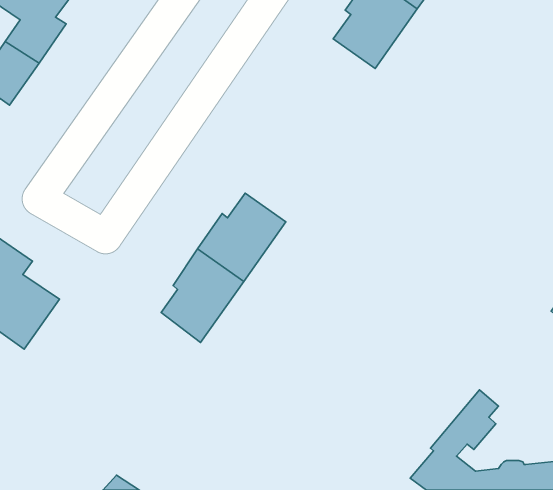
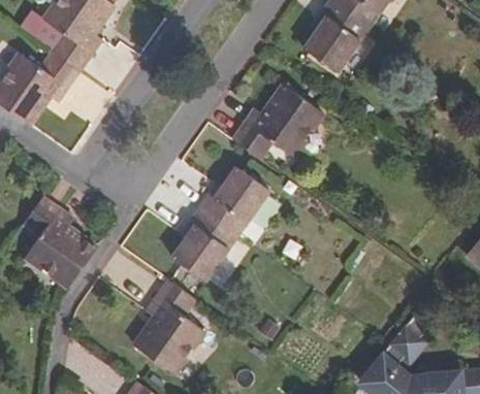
building: none -> [233,86,323,159]
building: none -> [135,281,202,372]

